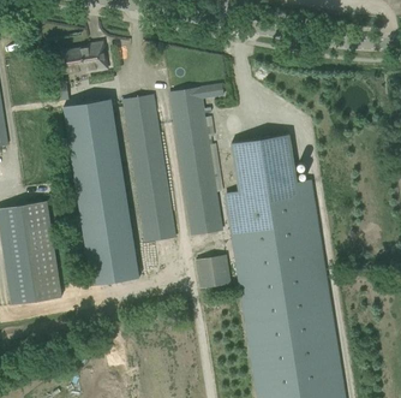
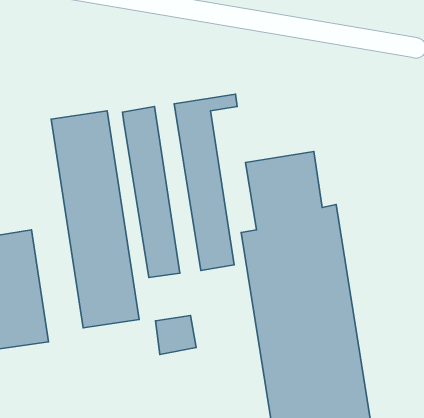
building: [61,43,107,72] -> none
building: [196,255,231,289] -> [156,315,196,355]

